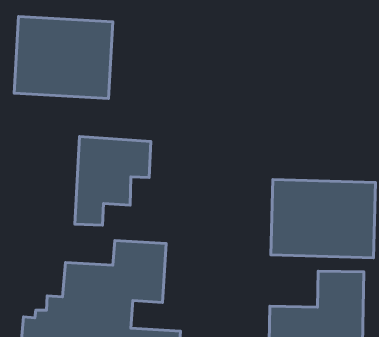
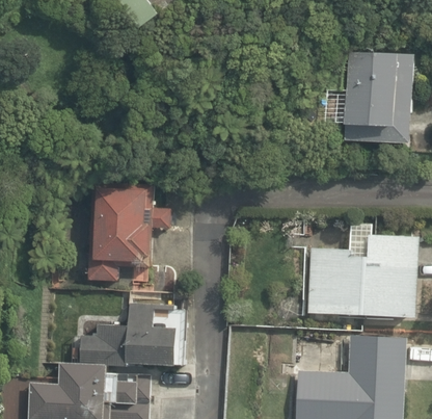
building: none -> [335,50,413,133]
building: [14,17,113,98] -> none

